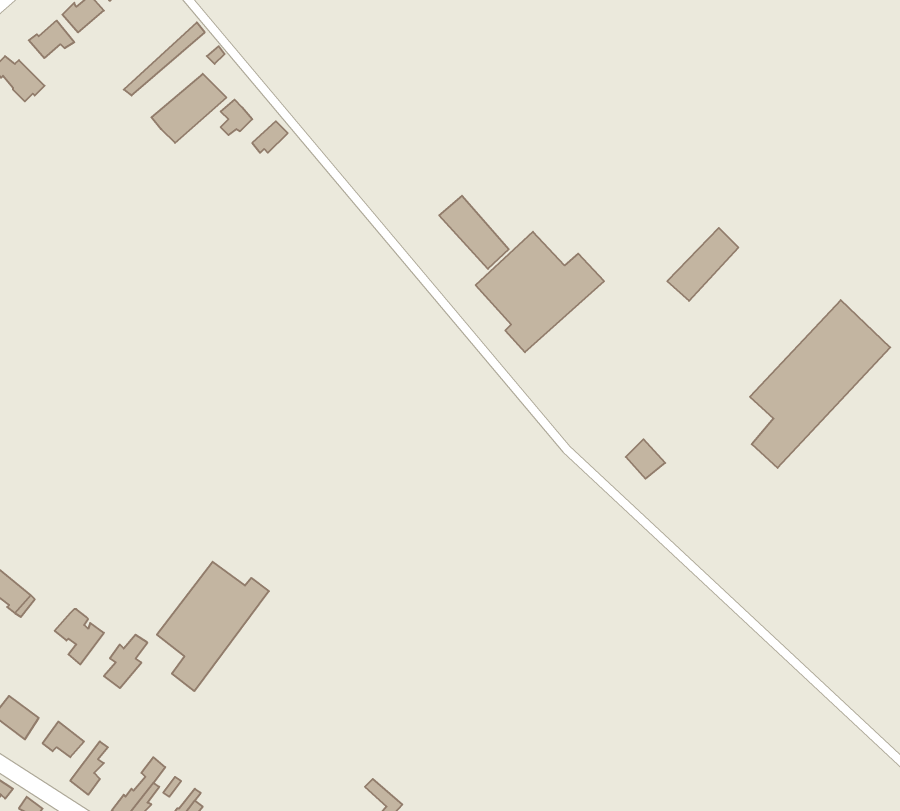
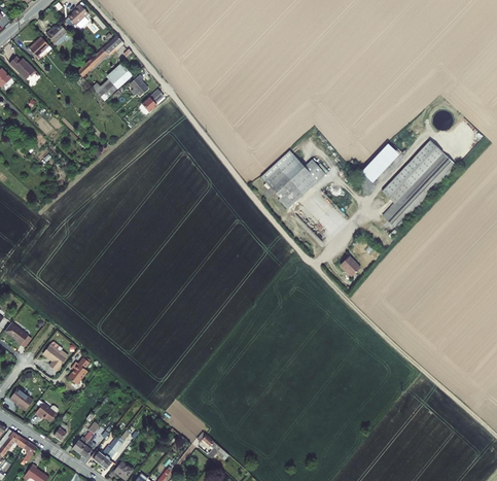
building: [439,196,509,269] -> none
building: [750,300,890,468] -> [381,142,454,230]
building: [157,562,269,691] -> none

